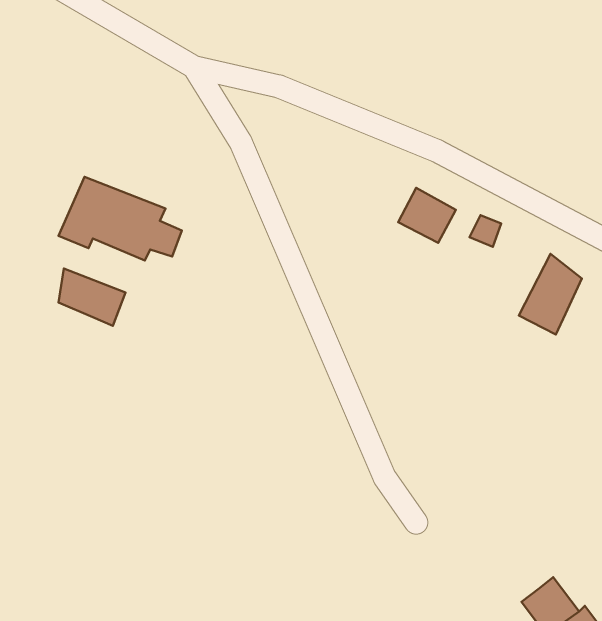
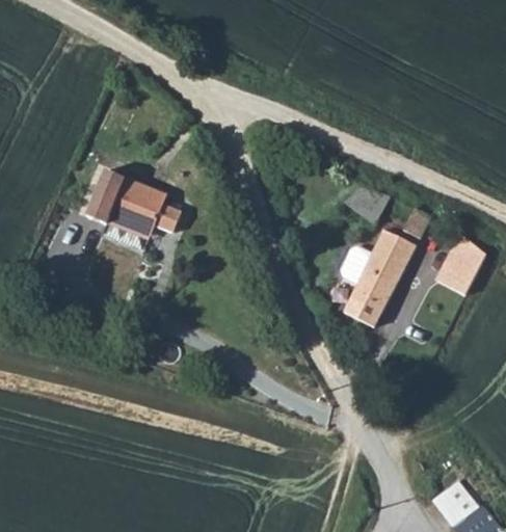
building: none -> [344,225,411,318]
building: [58,269,125,326] -> none

